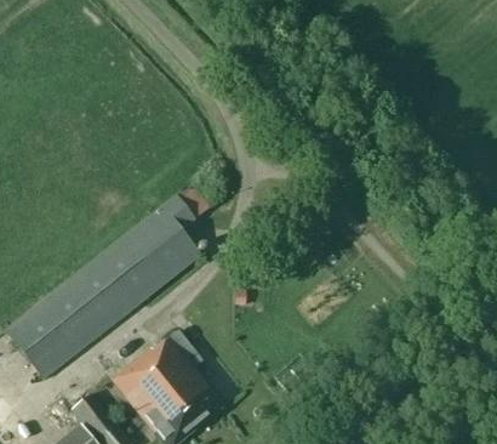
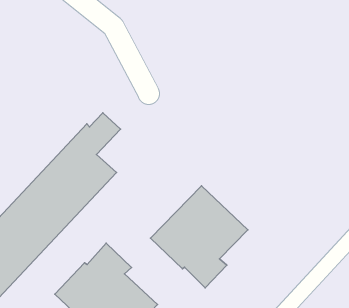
building: none -> [150,186,248,288]

